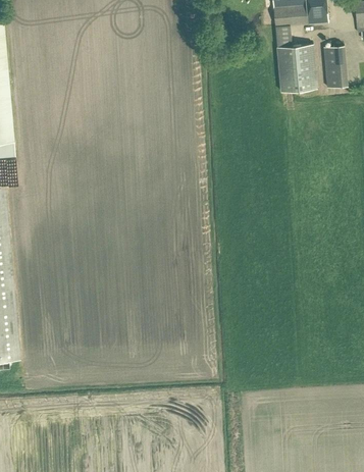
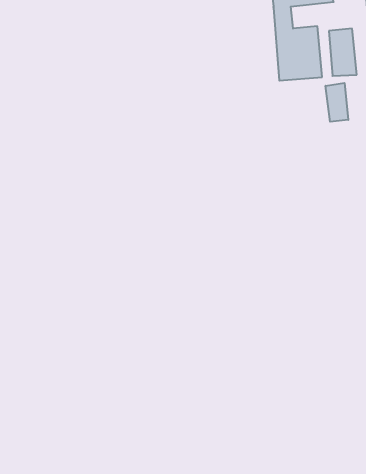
building: none -> [326,83,348,122]

